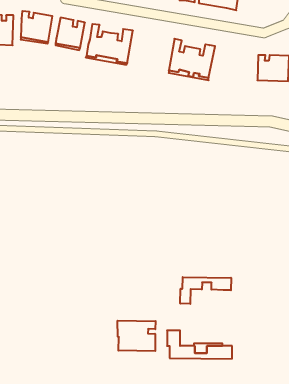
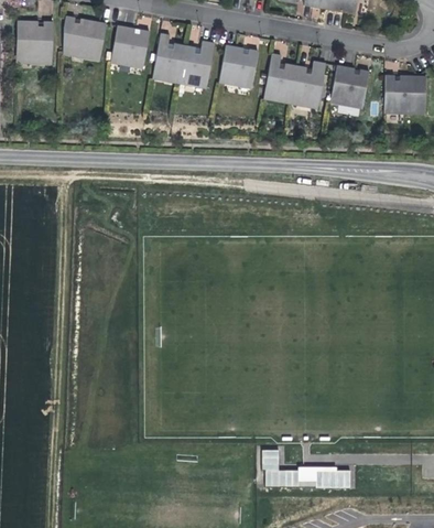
building: none -> [220,44,259,85]
building: none -> [332,65,370,105]
building: [180,277,231,304] -> none
building: [118,321,156,351] -> none

